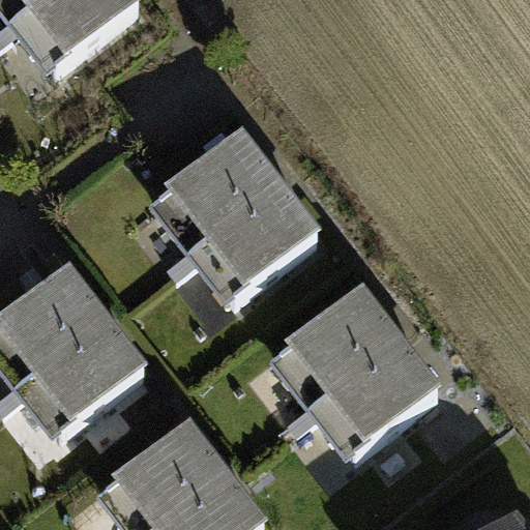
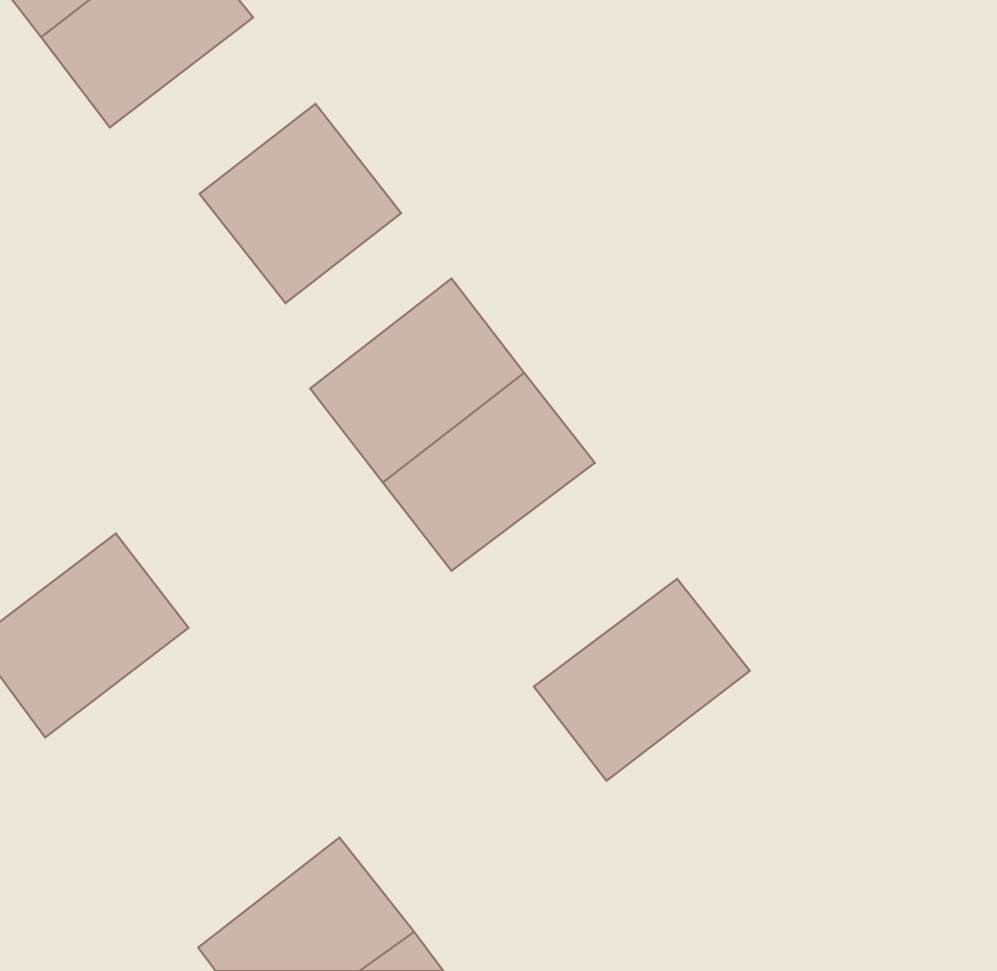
building: none -> [200,104,401,303]
building: [24,331,137,437] -> none
building: [320,354,432,460] -> none

